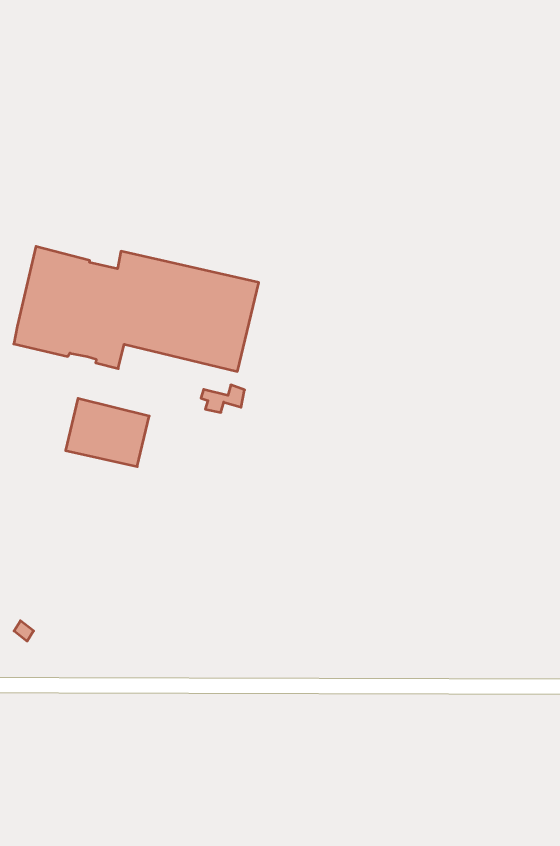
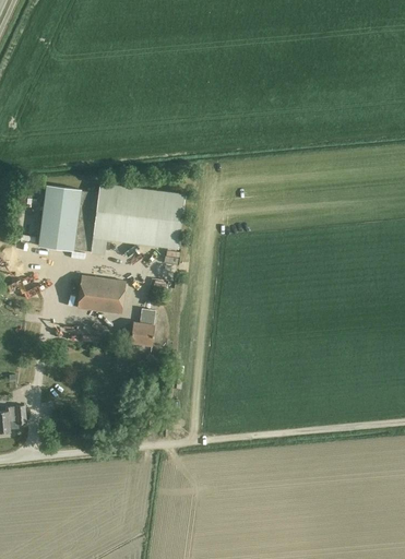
building: none -> [130,309,155,346]

